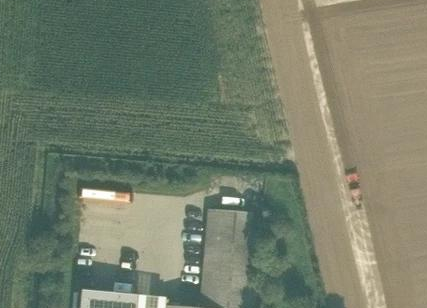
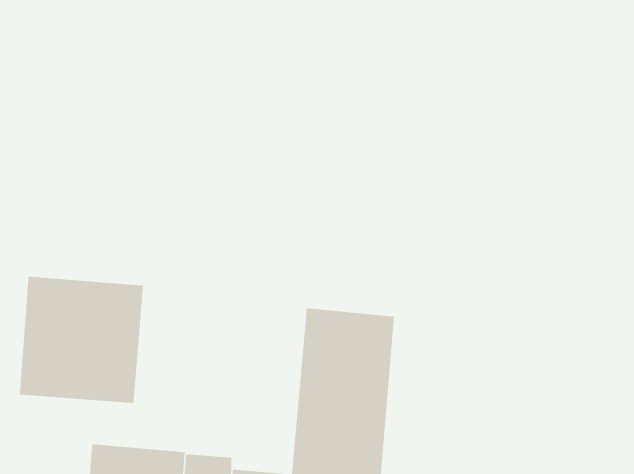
building: none -> [19,276,144,404]

